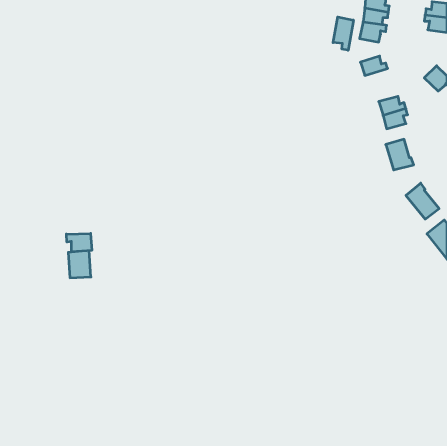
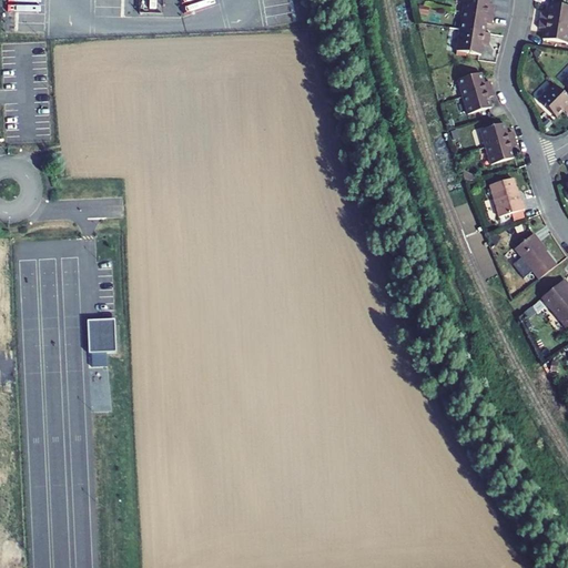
building: [333,17,353,50] -> none
building: none -> [463,87,494,113]
building: [66,233,92,252] -> none

